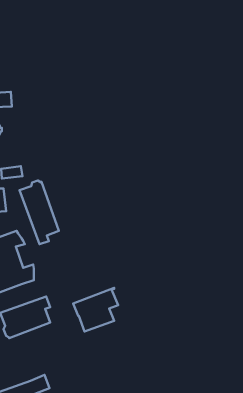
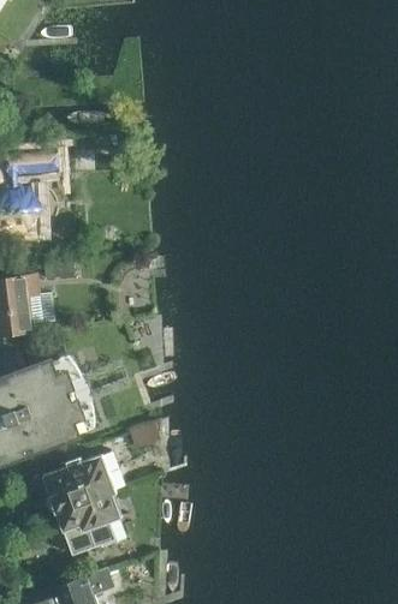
building: [19,181,59,244] -> none
building: [73,288,118,331] -> [54,490,120,554]

